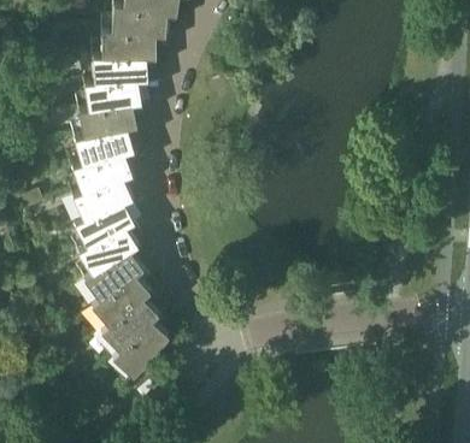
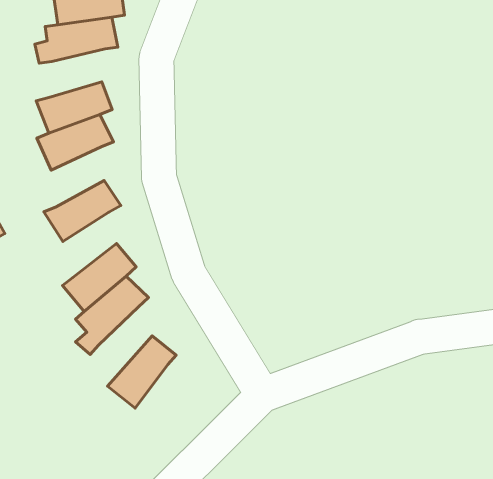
building: [86,79,140,110] -> none
building: [74,152,130,191] -> none
building: [76,201,133,246] -> none
building: [93,274,148,324] -> none
building: [113,320,168,382] -> none

